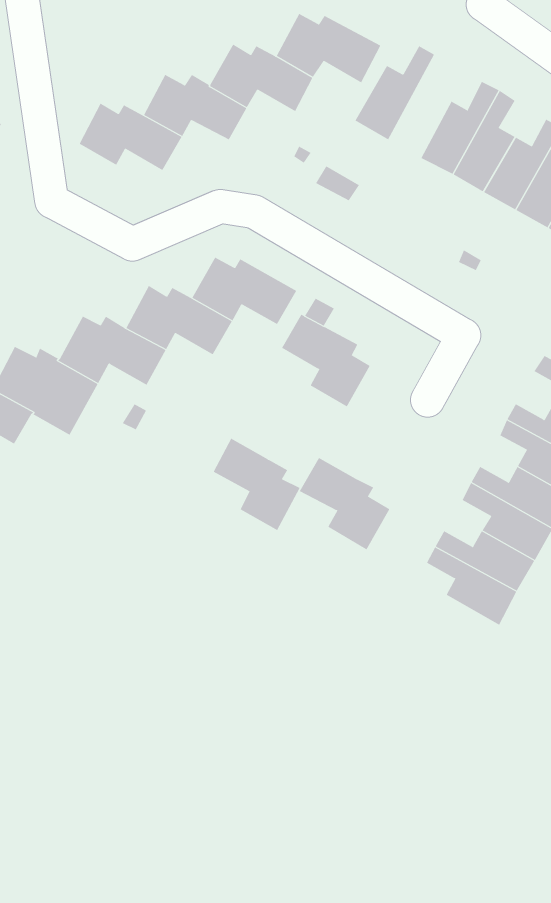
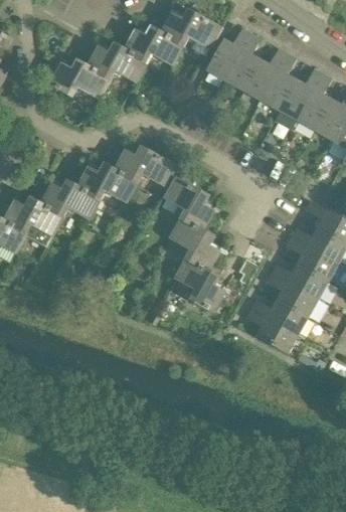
building: none -> [224,32,260,91]
building: [213,438,301,531] -> [170,218,219,271]

